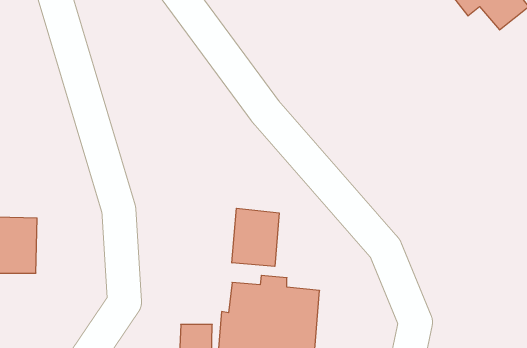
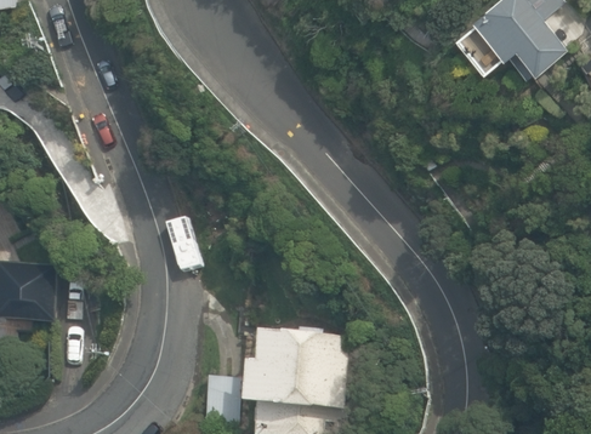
building: [232,208,279,266] -> none

